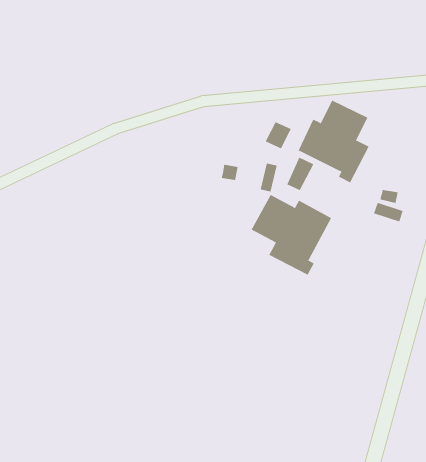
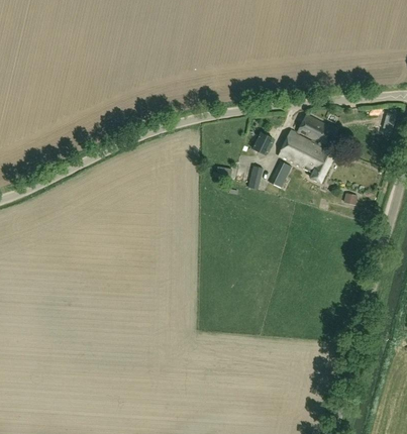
building: [251,194,332,276] -> none

